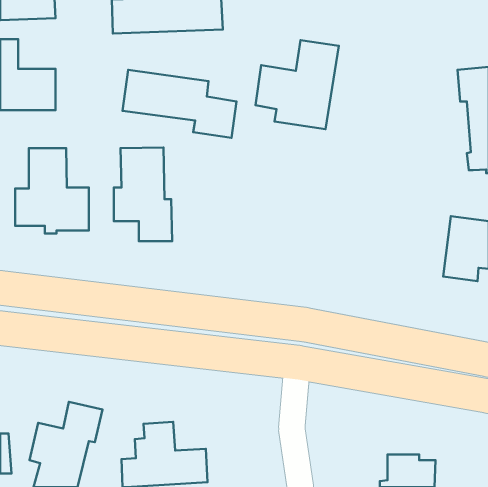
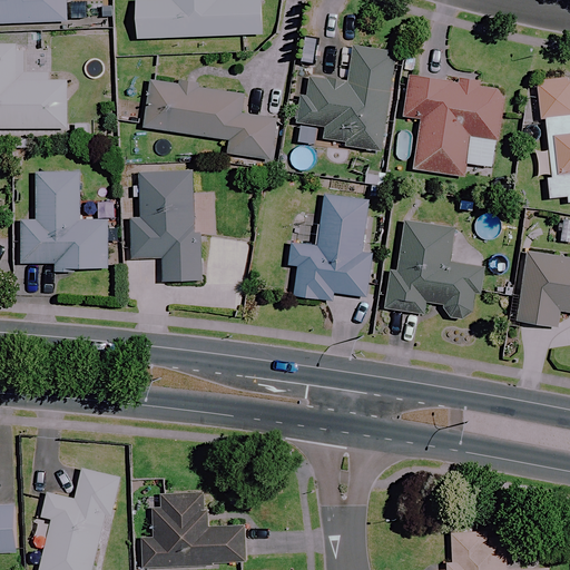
building: none -> [403,75,503,176]
building: none -> [281,194,371,299]
building: none -> [383,218,484,320]

